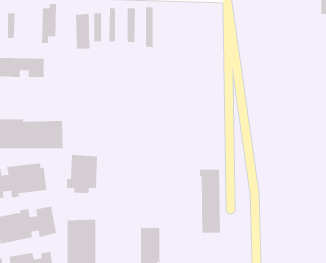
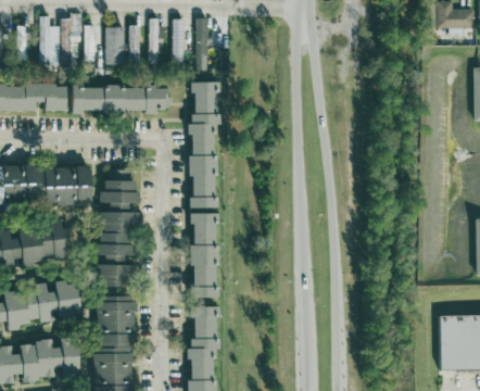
building: none -> [39,15,60,65]
building: none -> [84,25,103,61]
building: none -> [188,81,217,207]
building: none -> [70,86,170,111]
building: none -> [98,169,138,210]
building: [199,169,221,233] -> [188,213,216,297]
building: none -> [94,264,131,287]

